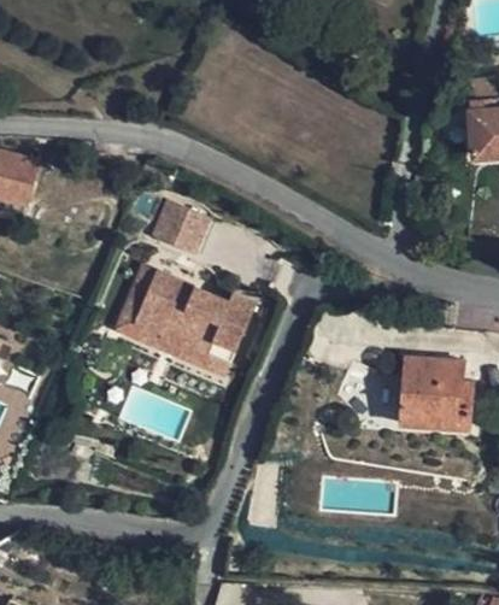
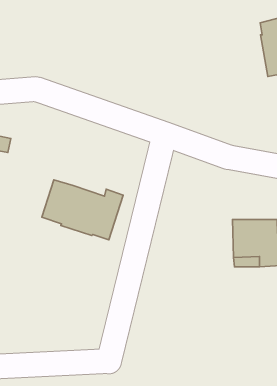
building: [153,202,210,255] -> none
building: [117,268,224,377] -> none

